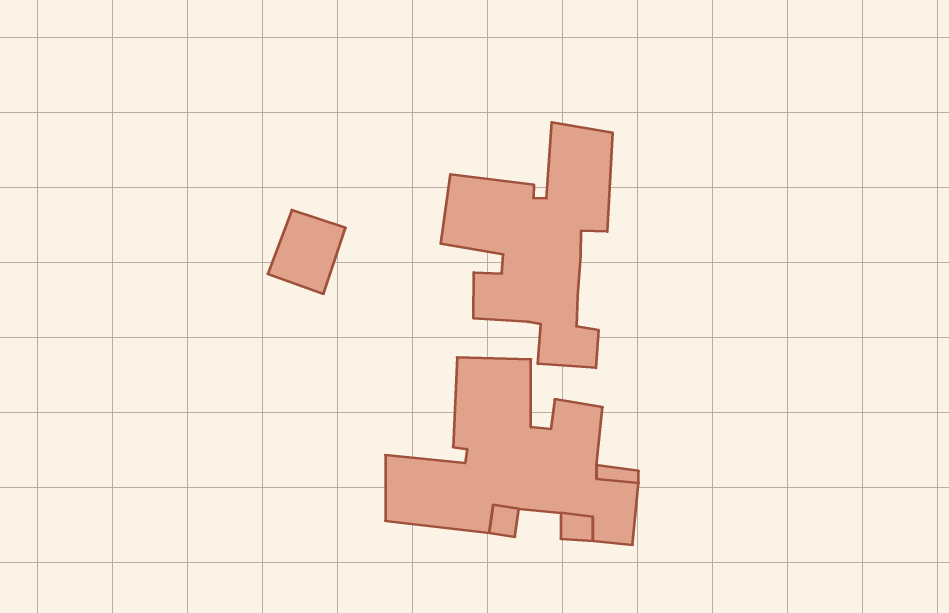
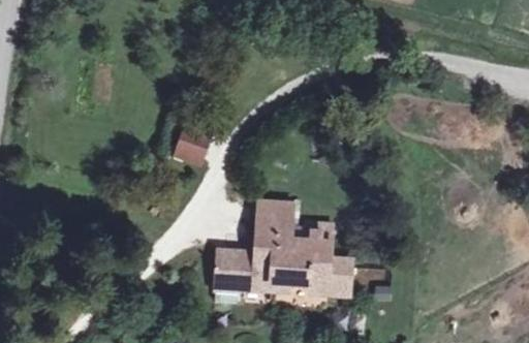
building: [441,122,612,368] -> none

